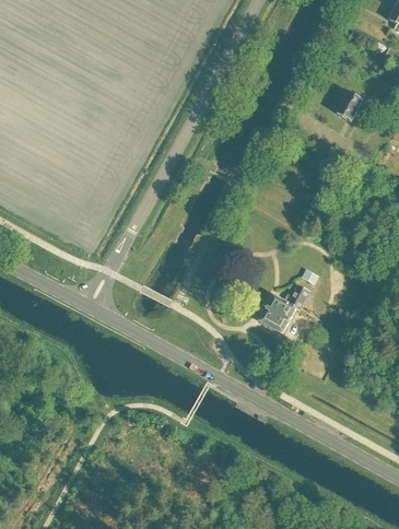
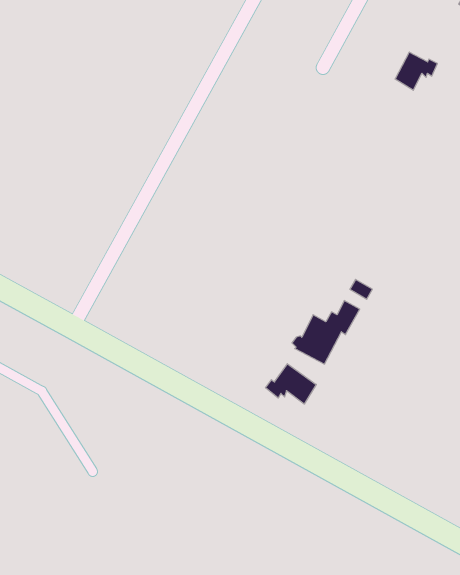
building: none -> [266,364,316,404]

